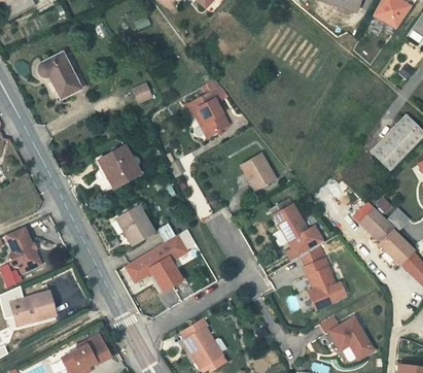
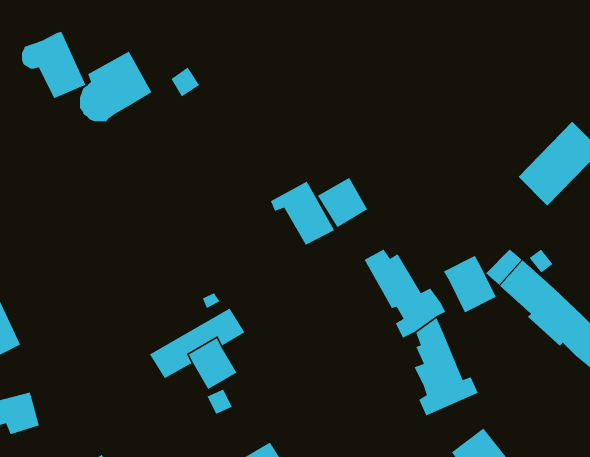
building: [184,91,227,134] -> [270,181,335,246]
building: [94,147,142,195] -> [79,51,152,122]
building: none -> [443,255,497,313]
building: [115,208,153,248] -> none

